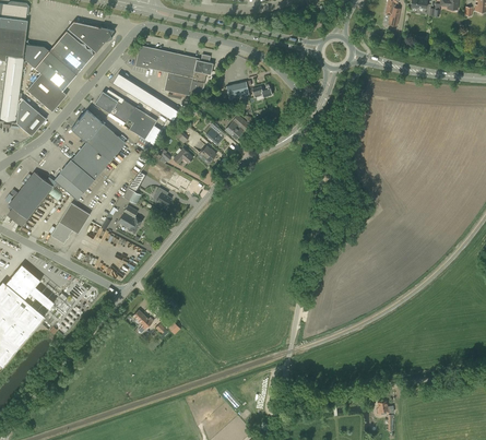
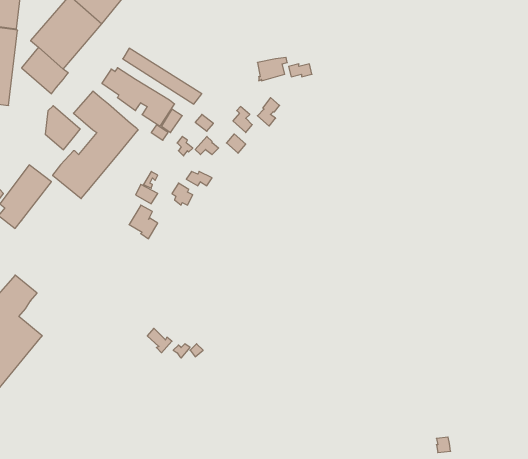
building: [135,47,213,96] -> none
building: [16,98,46,135] -> [45,106,80,150]
building: [51,202,84,243] -> none

